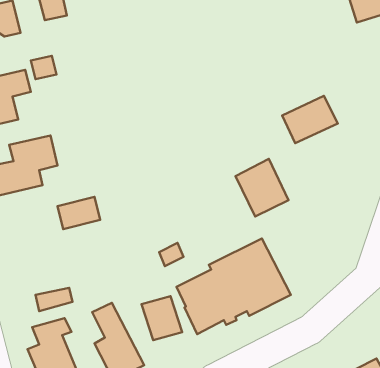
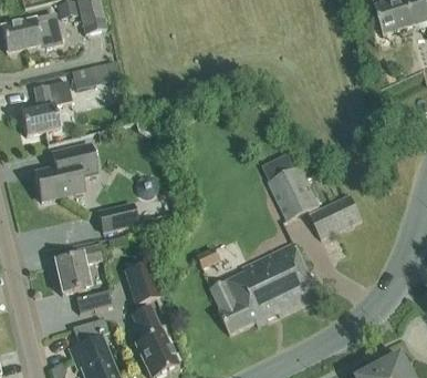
building: [282,96,338,143] -> [310,193,363,238]
building: none -> [54,243,102,293]
building: [142,296,182,340] -> [123,260,162,303]

